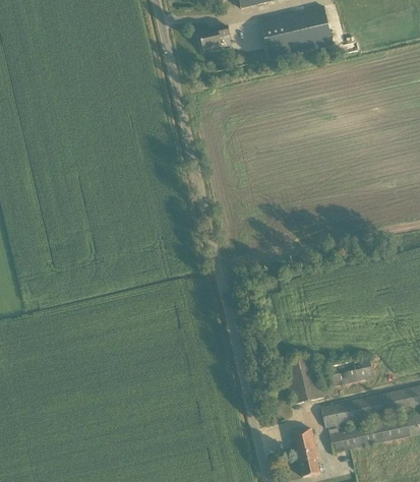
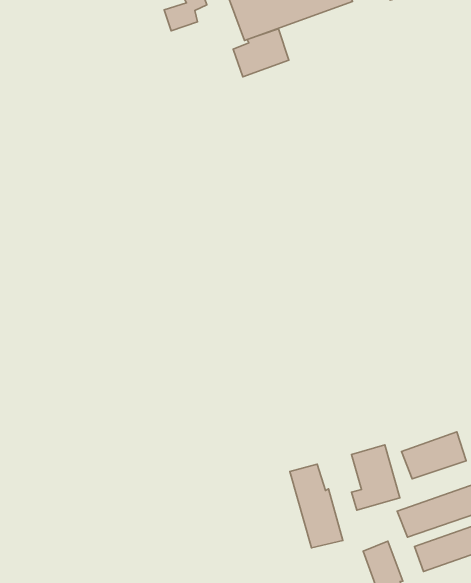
building: none -> [233,29,289,77]
building: none -> [290,464,343,548]

